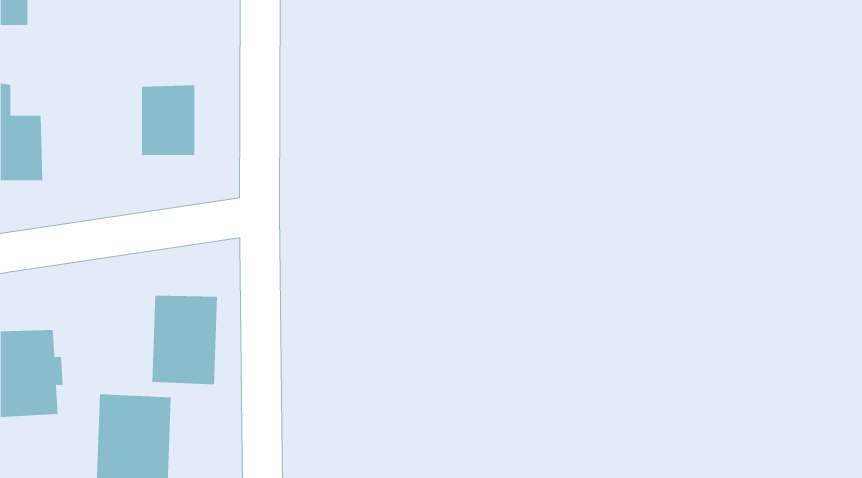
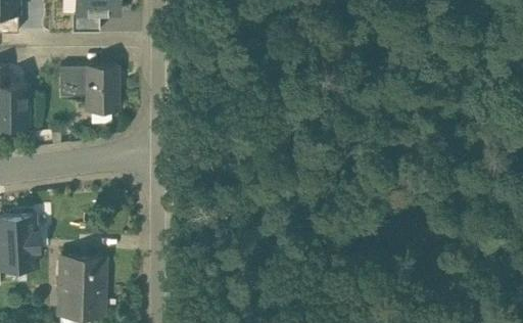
building: none -> [60,67,86,96]
building: [152,295,218,385] -> none

